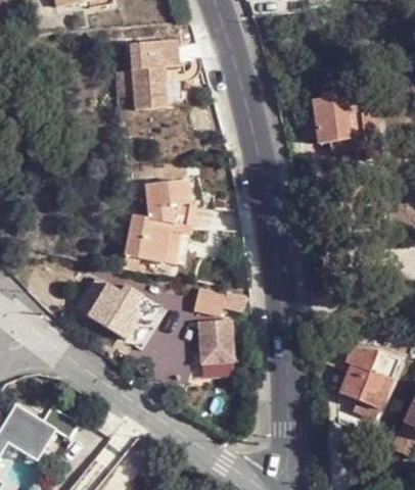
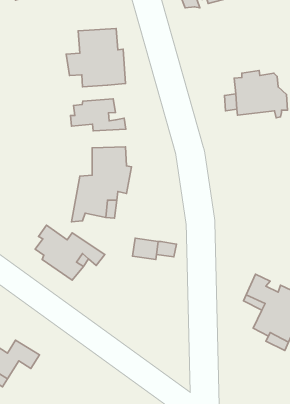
building: none -> [71,99,126,131]
building: [199,320,234,364] -> none

